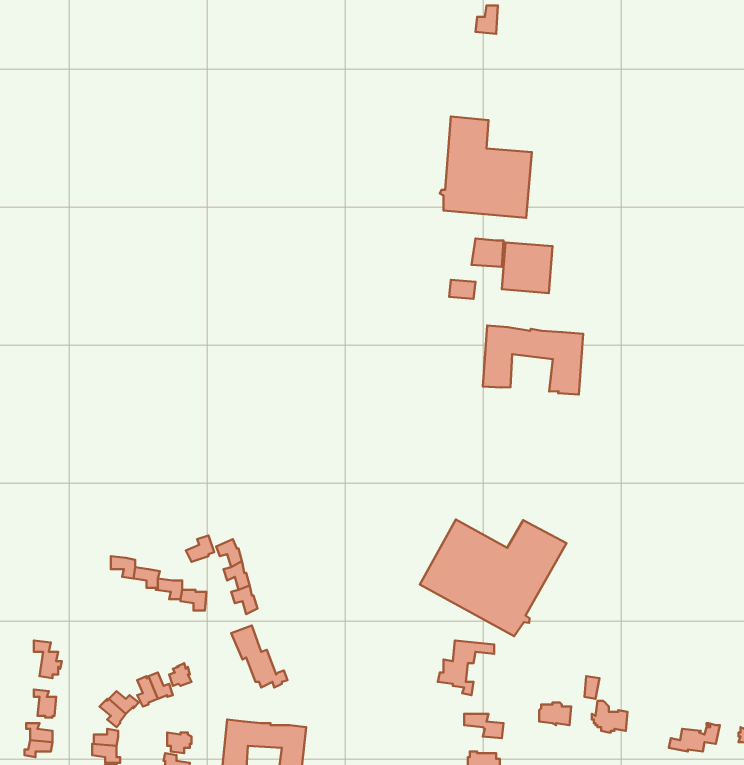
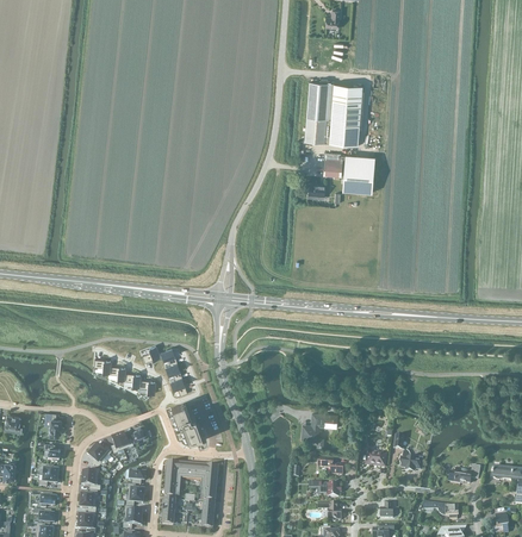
building: [483,326,583,395] -> none
building: [420,519,566,636] -> none

